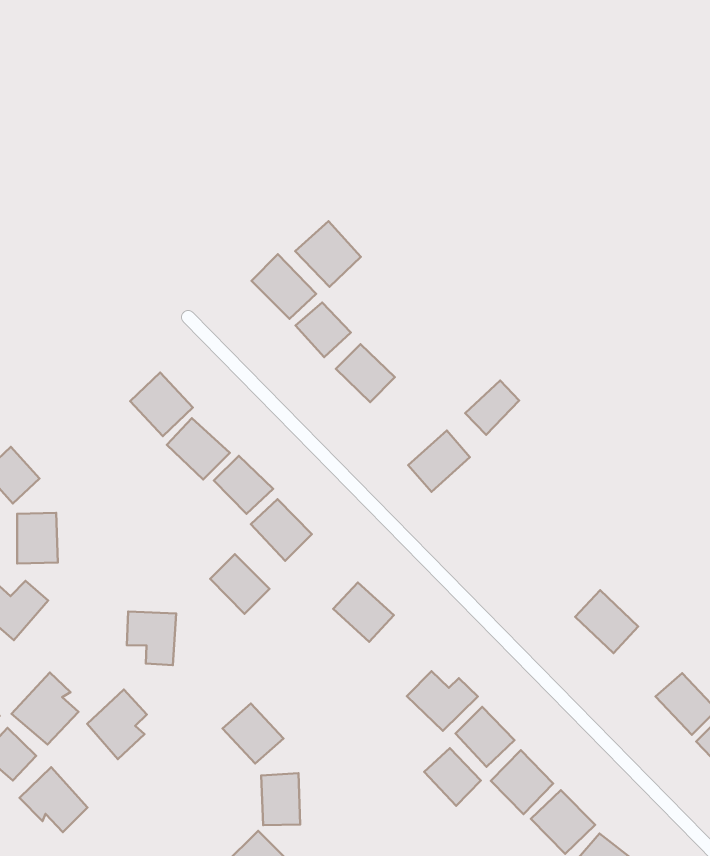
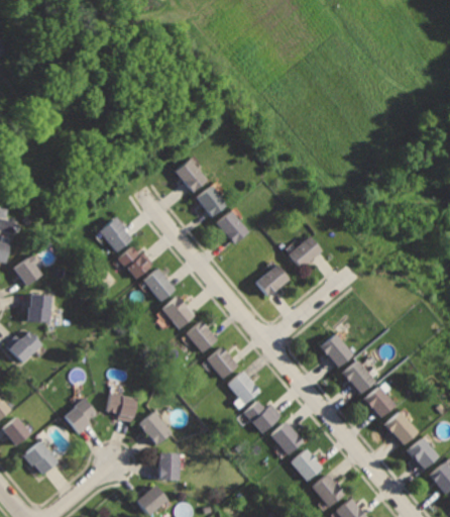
building: [295,221,361,287] -> none
building: none -> [319,333,353,368]
building: [210,554,269,614] -> [186,320,219,354]
building: [127,611,176,665] -> [106,392,135,424]
building: none -> [227,371,261,406]
building: none -> [362,387,396,420]
building: [11,673,78,745] -> none
building: [424,748,481,806] -> none

